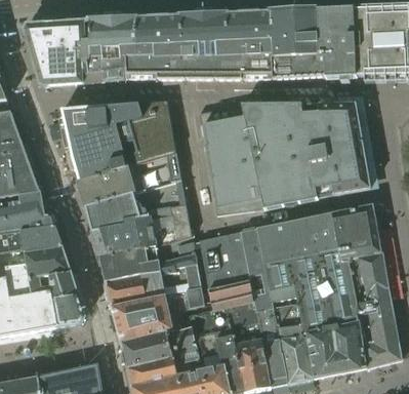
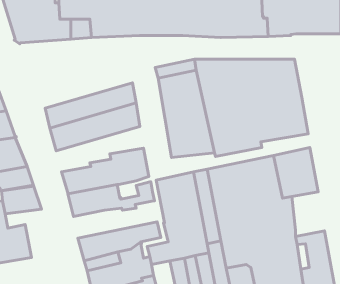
building: [64,100,173,158] -> none
building: [87,179,186,230] -> none
building: [353,252,390,303] -> none
building: [107,263,201,305] -> none
building: [30,272,85,326] -> none

